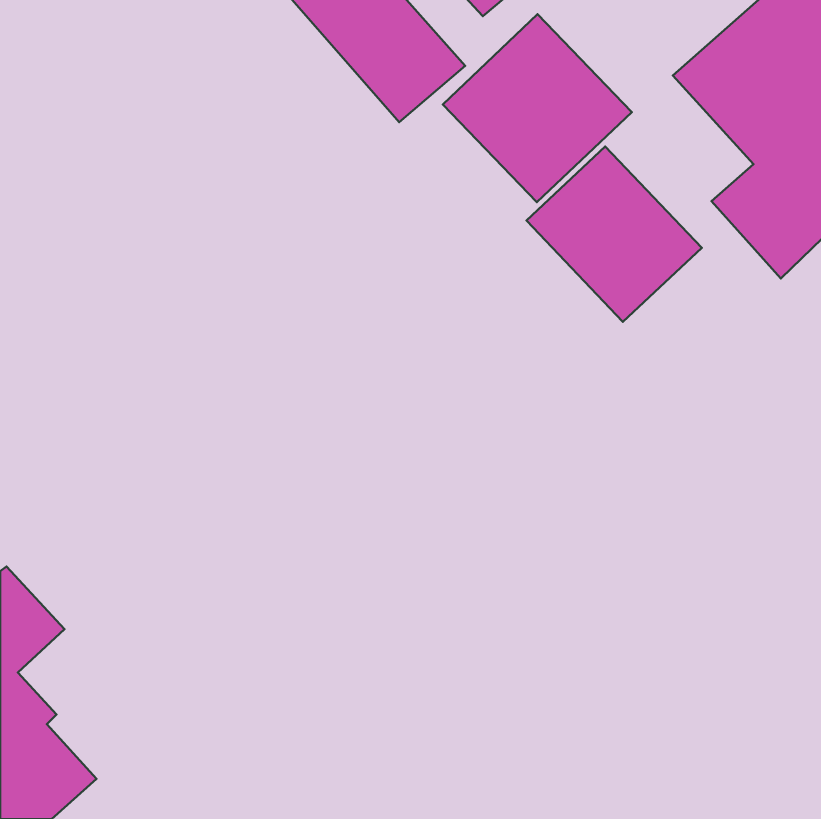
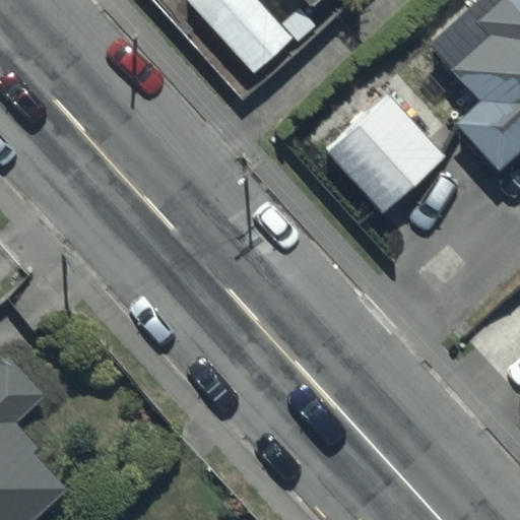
building: [443,14,632,202] -> none

